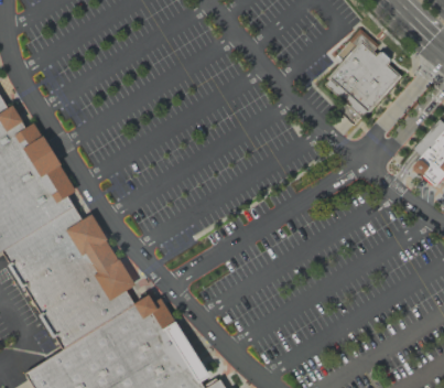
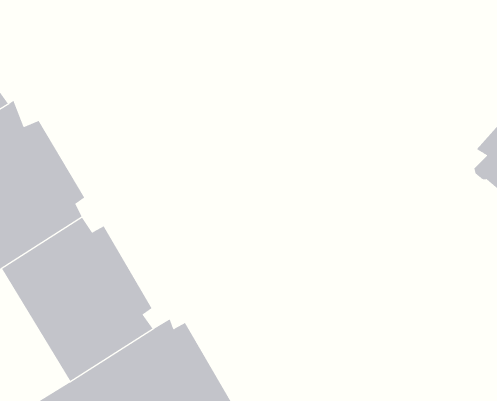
building: [328,29,396,115] -> none

